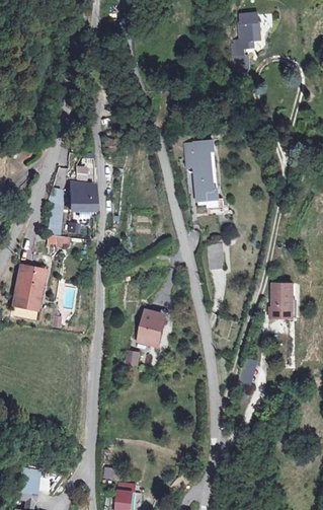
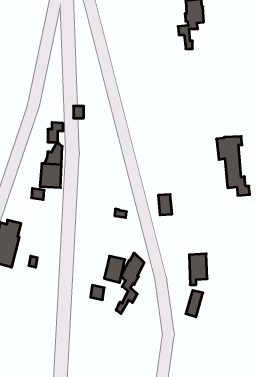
building: [182,138,222,208] -> [216,136,250,195]
building: [268,280,290,316] -> [189,254,207,285]
building: none -> [116,253,144,314]

